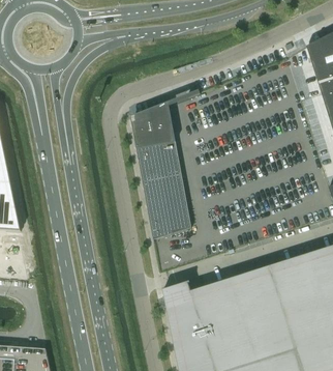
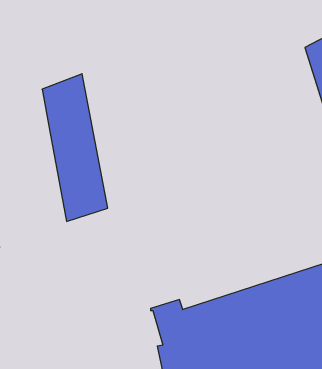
building: [130,102,191,239] -> [42,74,108,221]

